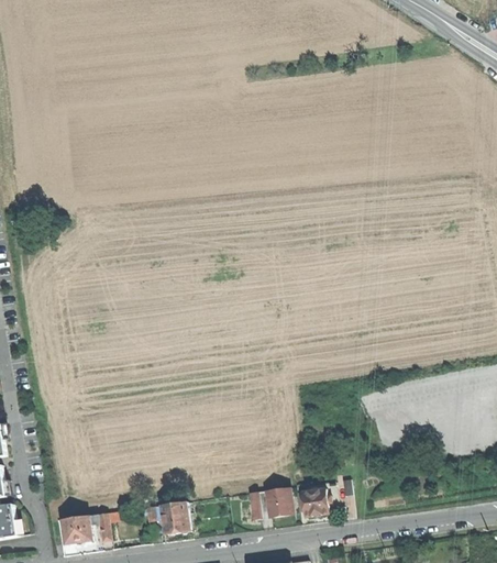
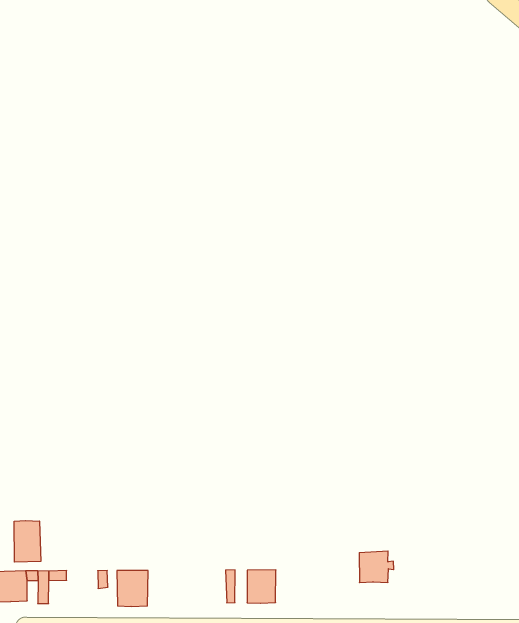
building: none -> [14,521,41,562]
building: [301,487,331,516] -> [359,551,394,583]

